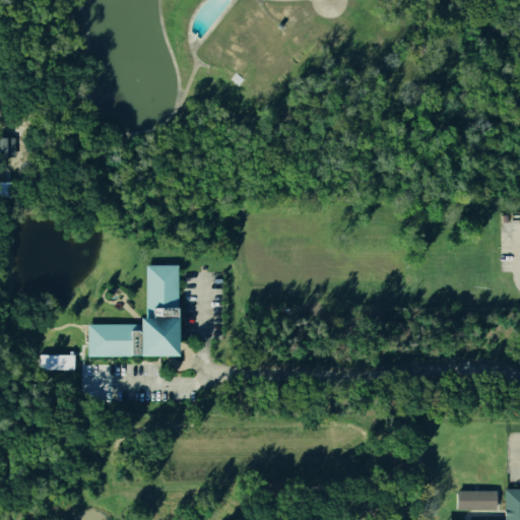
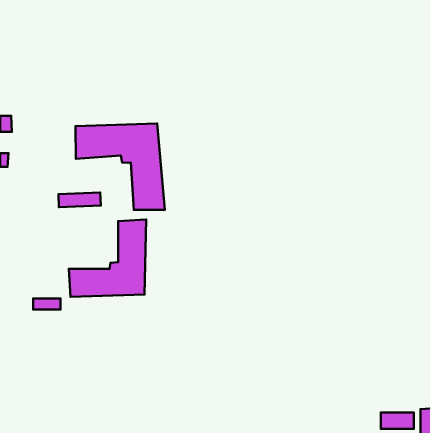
building: none -> [76,123,165,210]
building: none -> [59,193,101,207]

